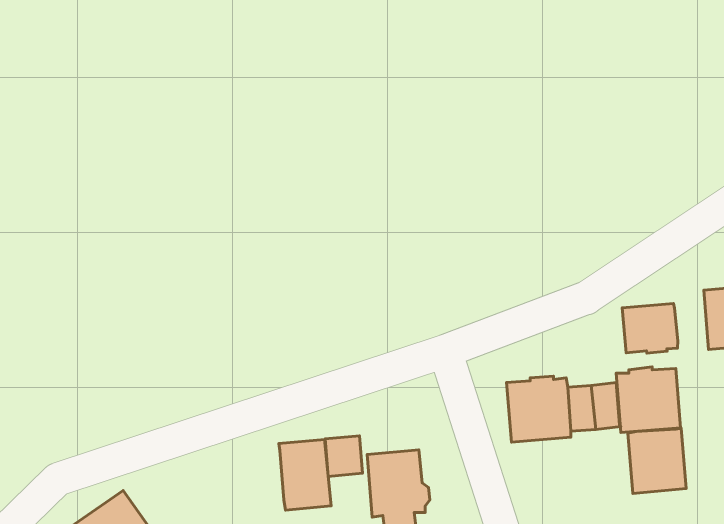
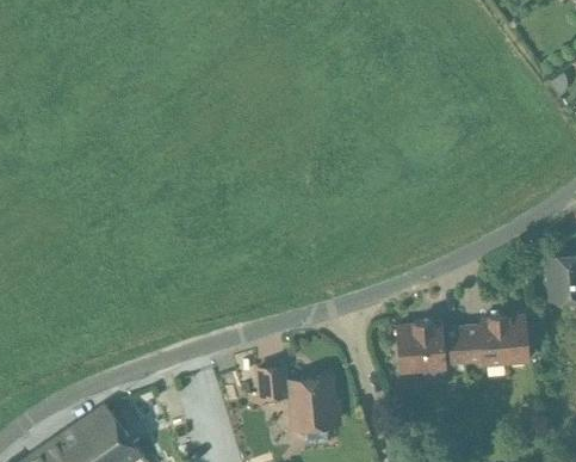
building: [622,303,678,353] -> none
building: [628,428,686,493] -> none
building: [279,439,331,510] -> none

